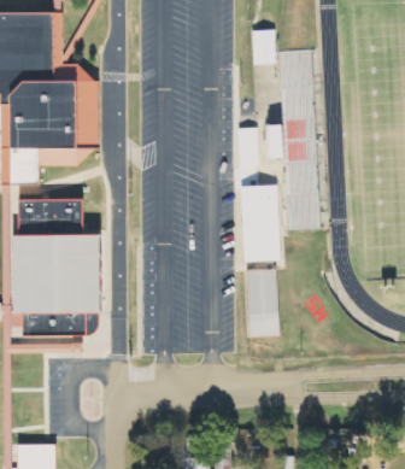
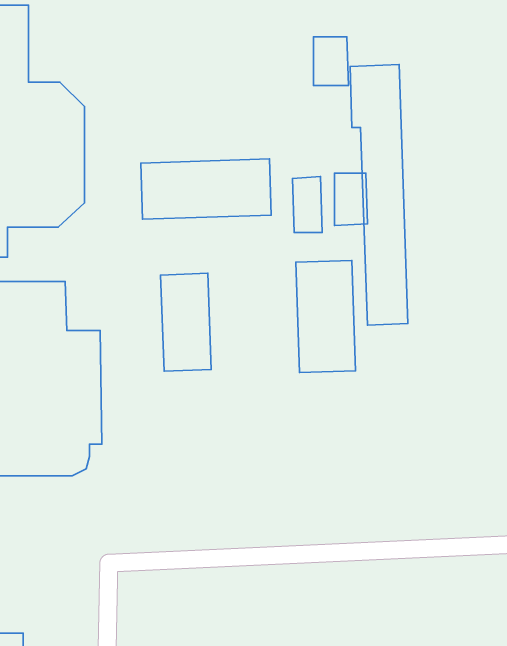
building: none -> [141,159,271,219]
building: [243,269,278,336] -> [161,273,211,371]

